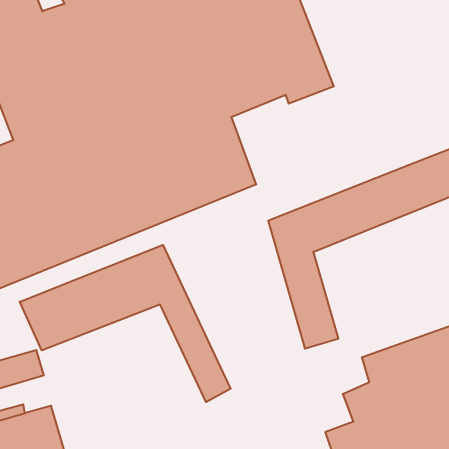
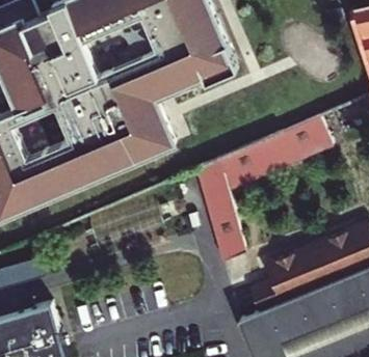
building: [20,245,231,402] -> none

